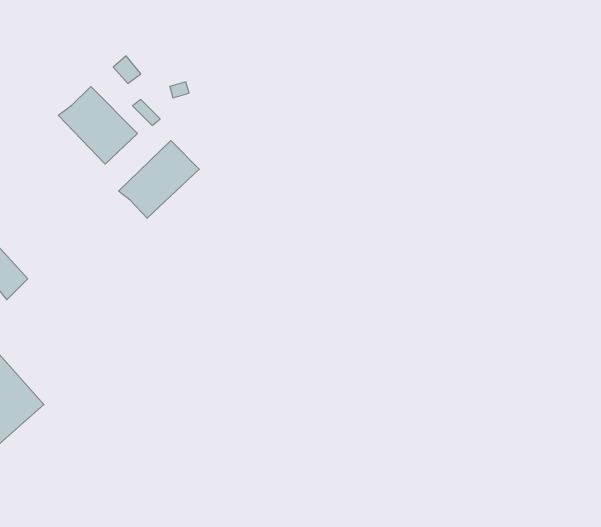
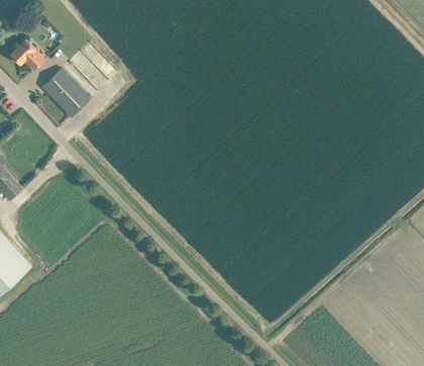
building: none -> [9,39,42,69]
building: [119,141,199,218] -> none

